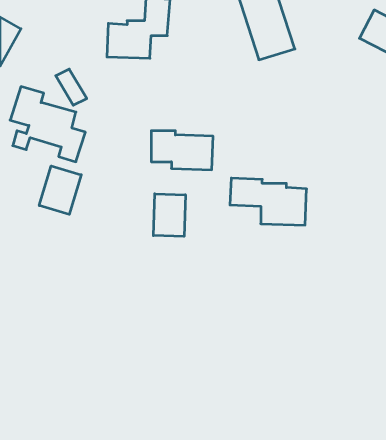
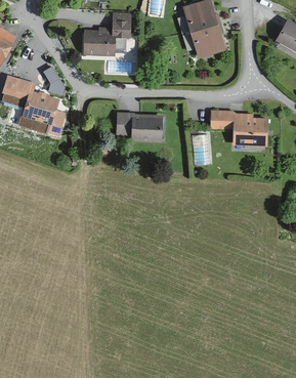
building: [39,166,81,214] -> none
building: [230,178,307,225] -> [209,110,267,145]
building: [153,194,185,236] -> none

